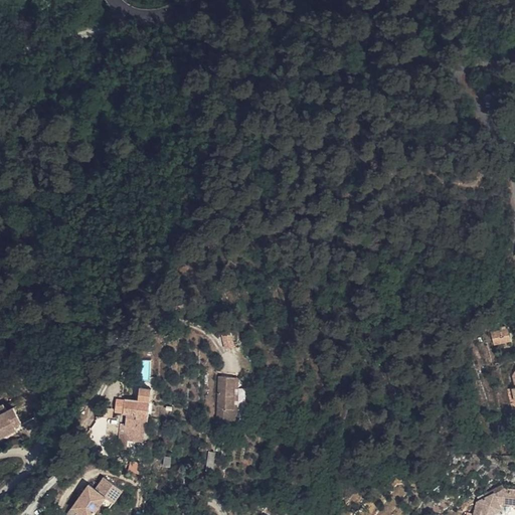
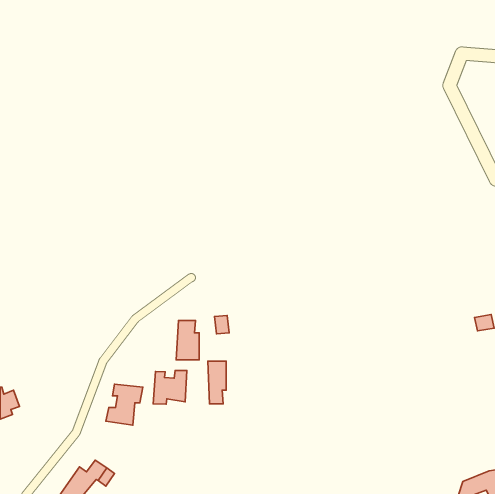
building: none -> [176,320,199,360]
building: none -> [153,370,187,404]

